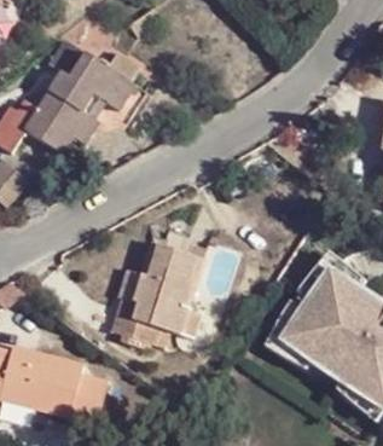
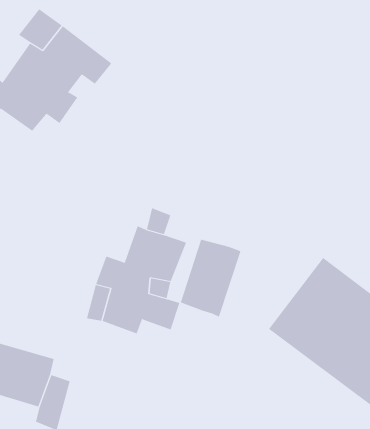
building: none -> [180,239,241,318]

